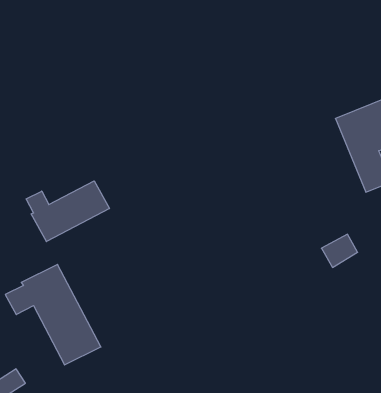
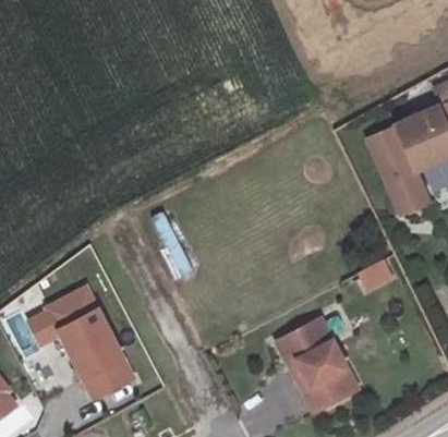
building: [26,181,109,242] -> none
building: none -> [271,318,355,412]

